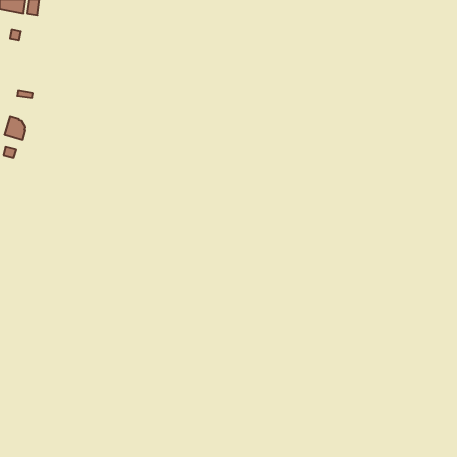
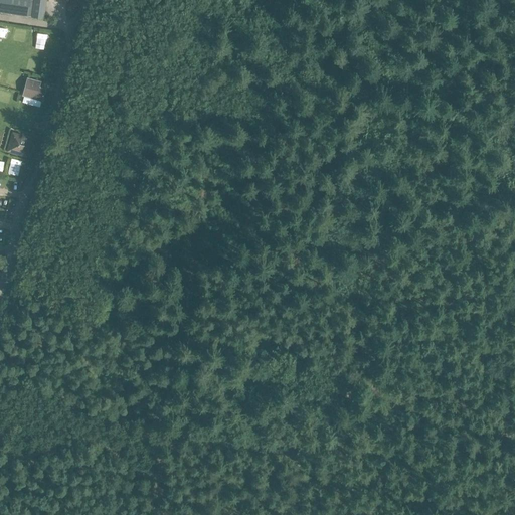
building: none -> [21,76,45,101]

